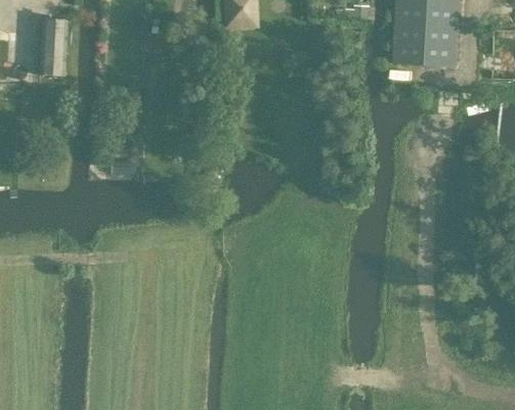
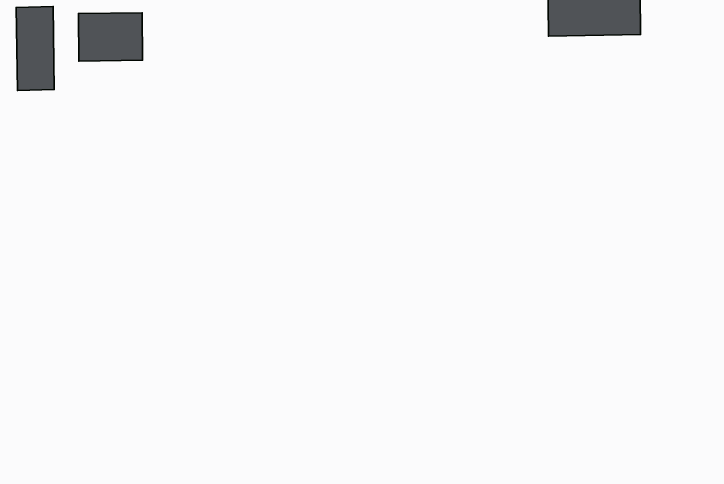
building: none -> [78,13,142,61]

